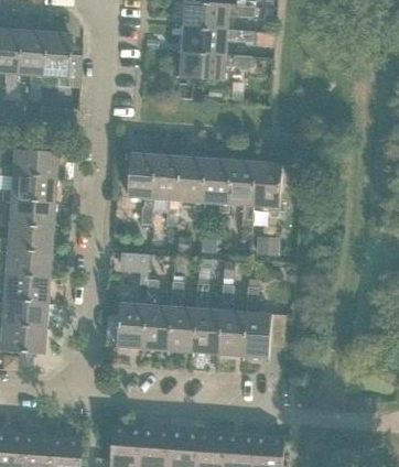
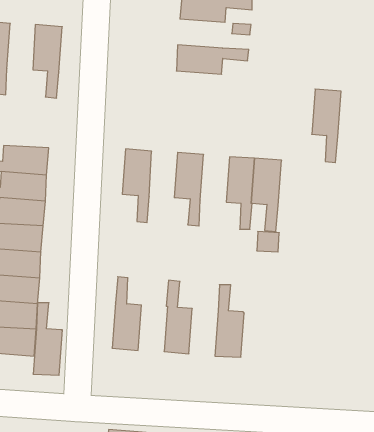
building: [182,26,228,55] -> none
building: [15,31,43,101] -> none
building: [154,155,182,226] -> none
building: [204,159,233,230] -> [312,89,341,163]
building: [143,280,172,350] -> [33,303,62,375]
building: [193,283,222,355] -> none
building: [244,286,272,358] -> none

